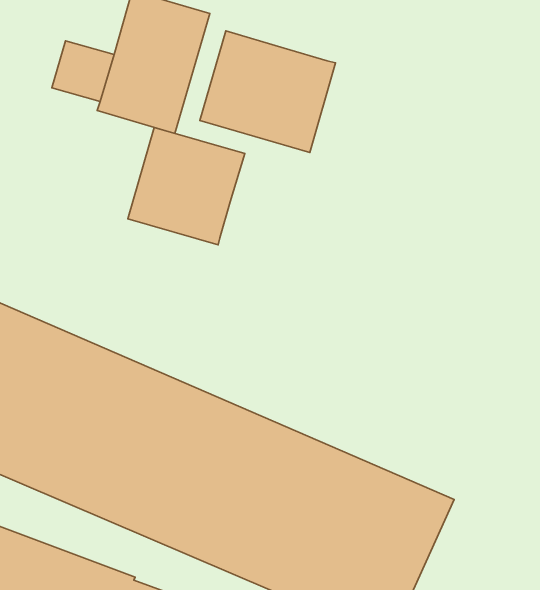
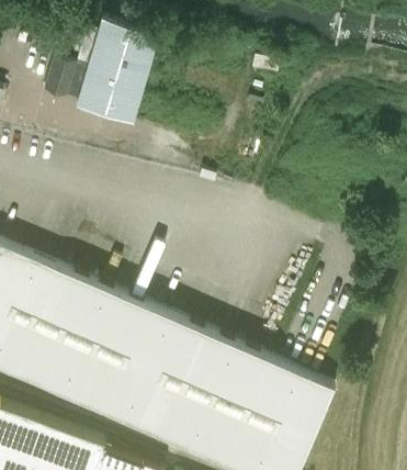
building: [200,31,336,153] -> none
building: [128,127,245,245] -> none

